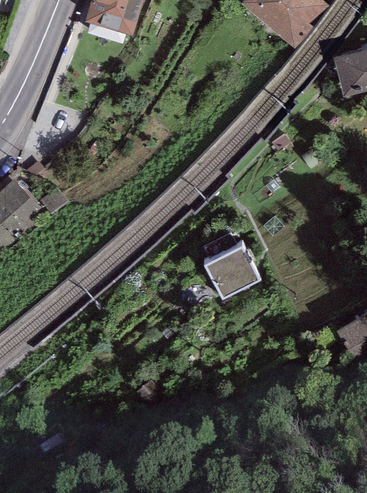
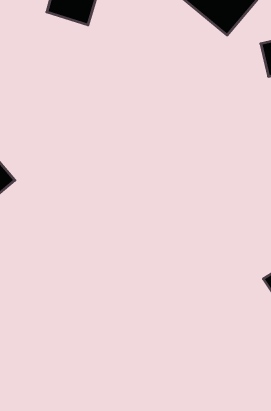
building: [204,245,260,298] -> none

